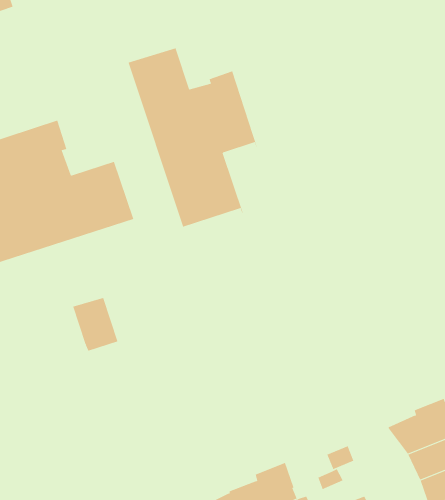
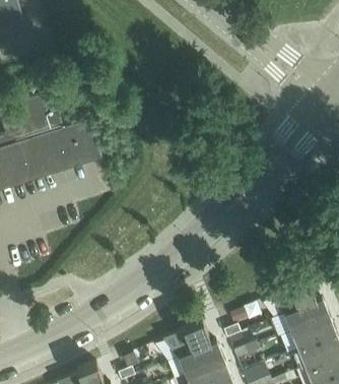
building: [128,47,258,228] -> none
building: [73,297,118,352] -> none

